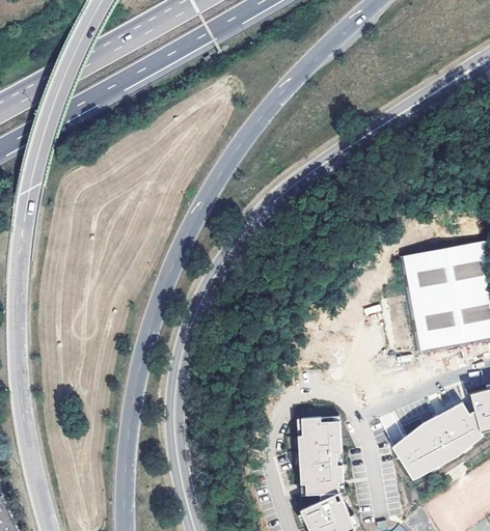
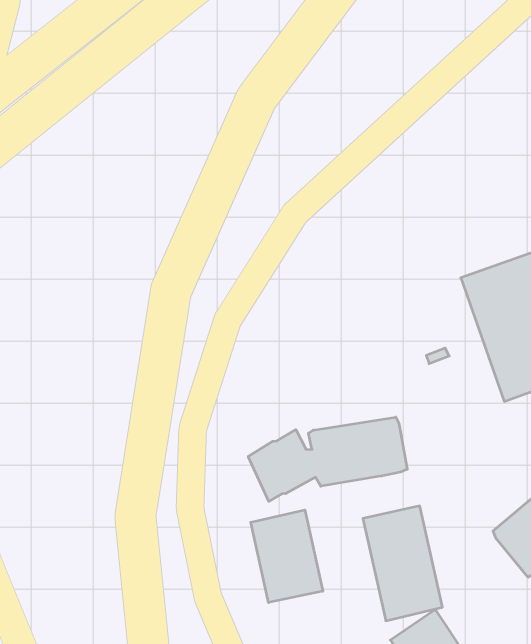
building: none -> [248,417,407,501]
building: none -> [251,510,323,603]

